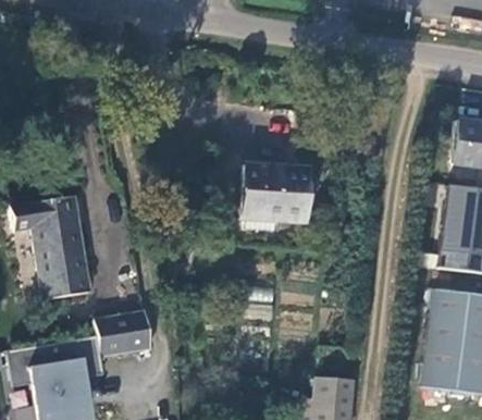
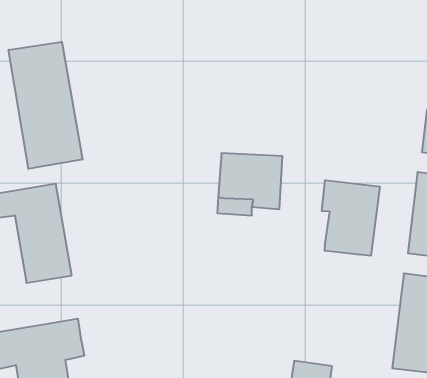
building: none -> [9,42,82,169]
building: none -> [322,180,380,256]
building: [96,311,152,356] -> none

